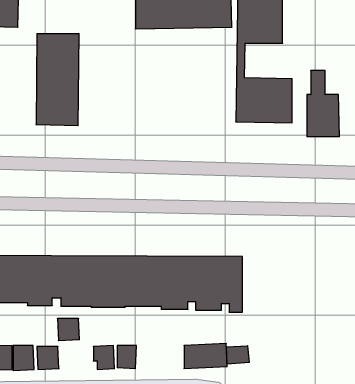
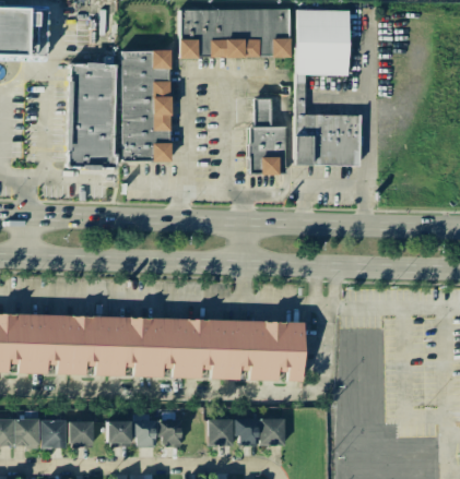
building: none -> [122,50,170,160]
building: [307,71,339,137] -> [249,98,286,173]
building: [57,319,79,341] -> [106,420,131,445]
building: none -> [208,418,233,444]
building: [226,346,249,364] -> none

